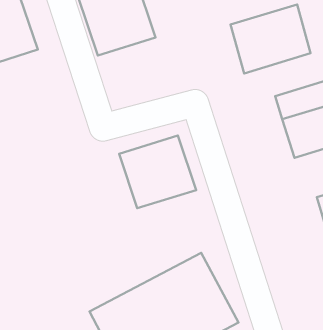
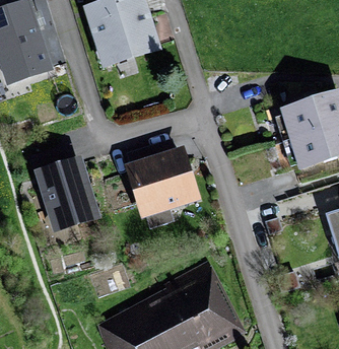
building: [231,4,311,73] -> none
building: none -> [35,155,99,230]

